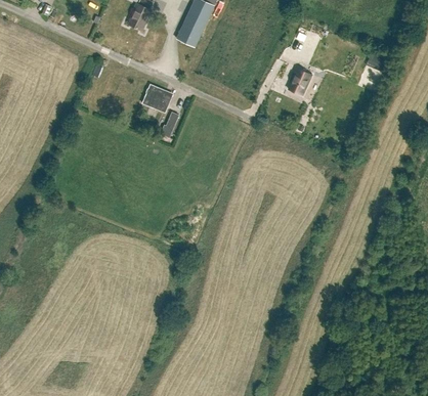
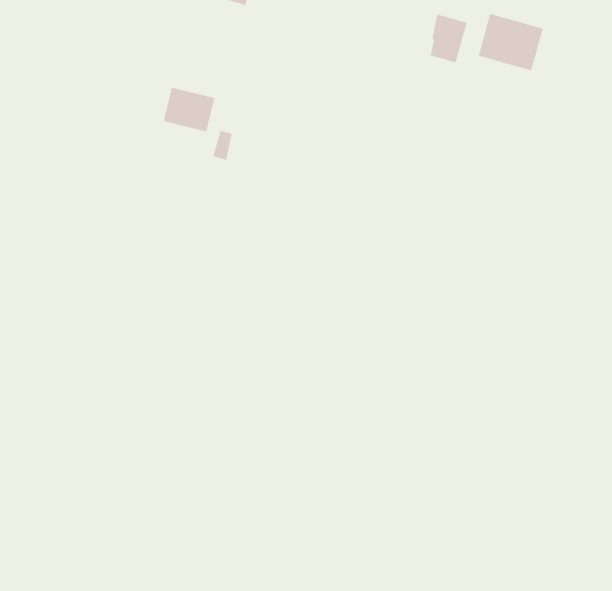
building: none -> [478,13,543,71]

